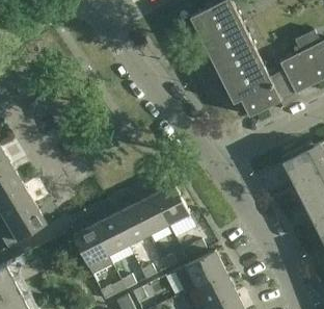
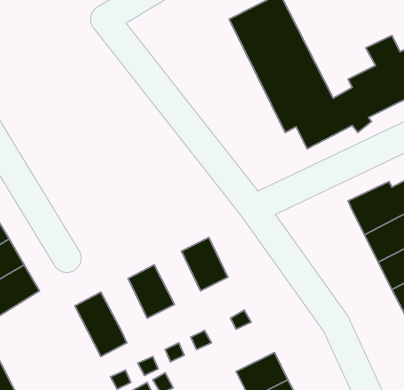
building: [133,195,168,235] -> none
building: [92,215,128,255] -> none
building: [173,251,224,292] -> none

